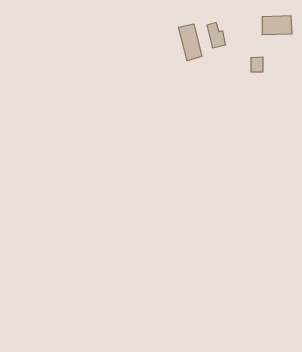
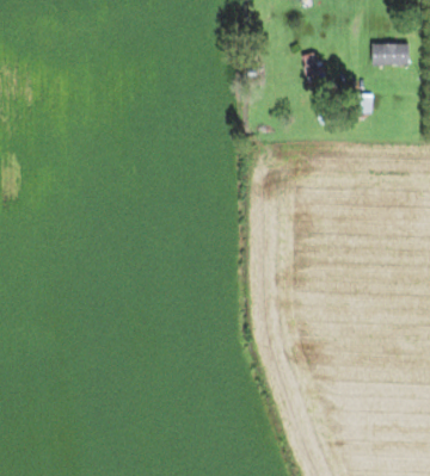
building: [179,24,202,61] -> none

